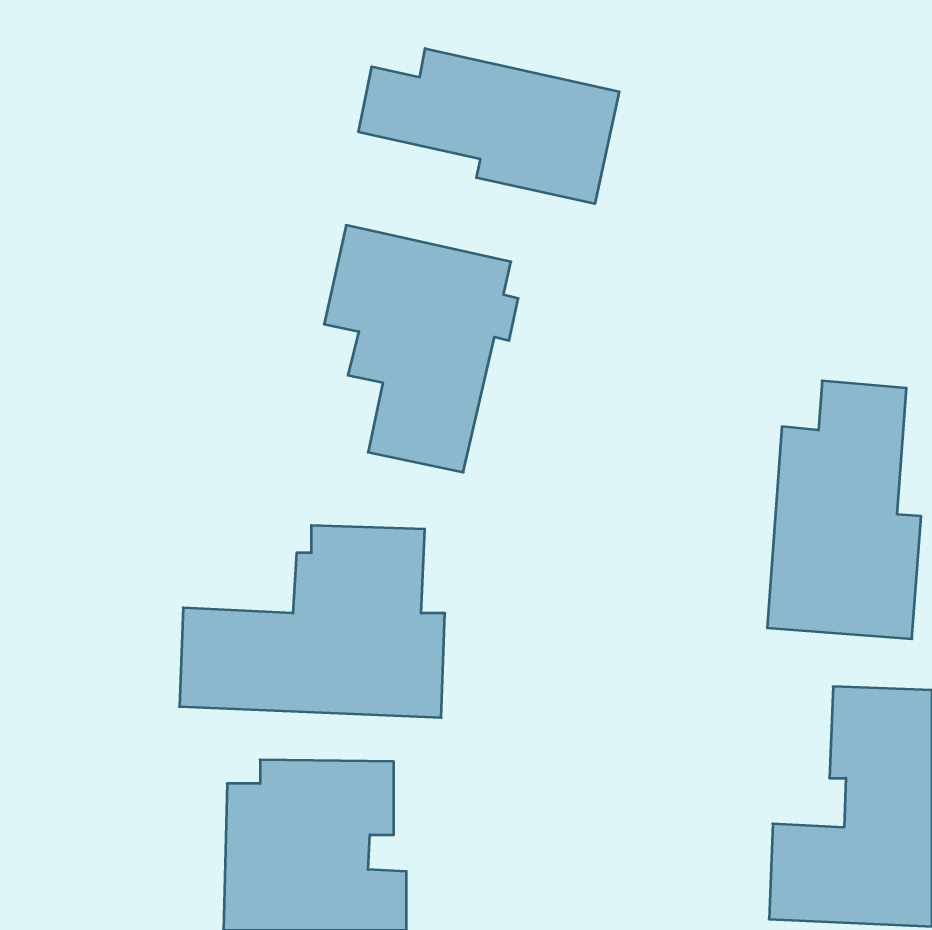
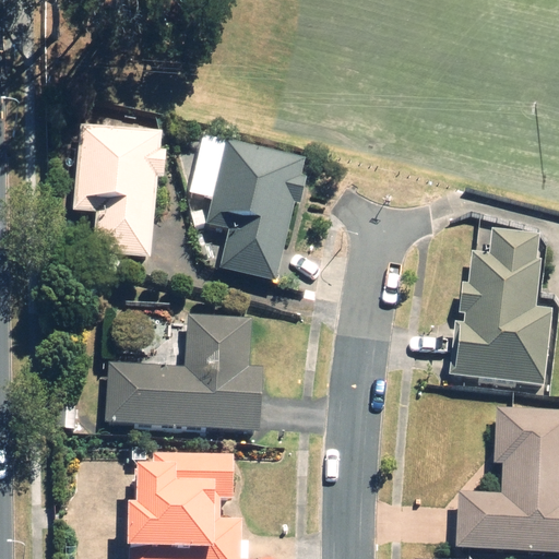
building: [359,48,619,204] -> none
building: none -> [74,124,169,254]

